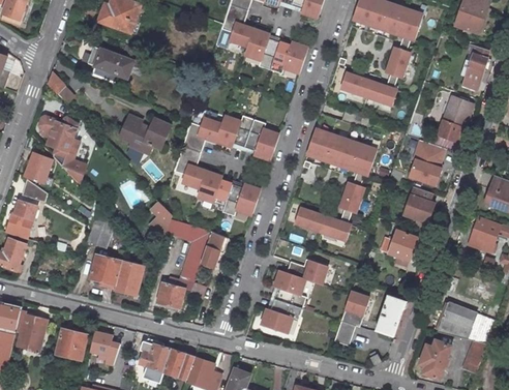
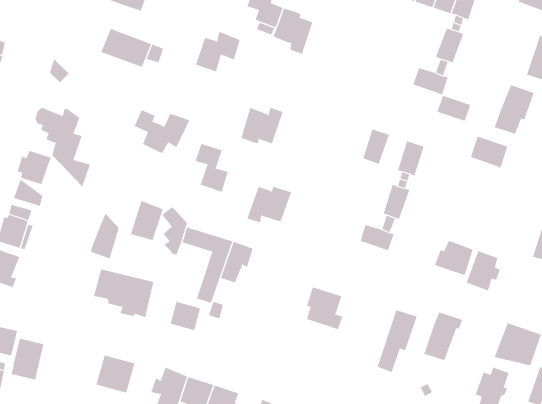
building: [270,42,307,74] -> none
building: [340,73,370,96] -> [436,95,471,121]
building: [182,118,221,153] -> [195,31,241,72]
building: [244,120,278,160] -> none
building: [306,129,330,160] -> none
building: [336,140,360,171] -> none
building: [410,159,445,189] -> none
building: [197,172,232,212] -> none
building: [405,186,435,221] -> [466,251,500,291]
building: none -> [130,200,163,241]
building: [294,208,324,232] -> none
building: [286,261,326,284] -> none
building: [261,299,301,334] -> none
building: [56,326,88,361] -> none

